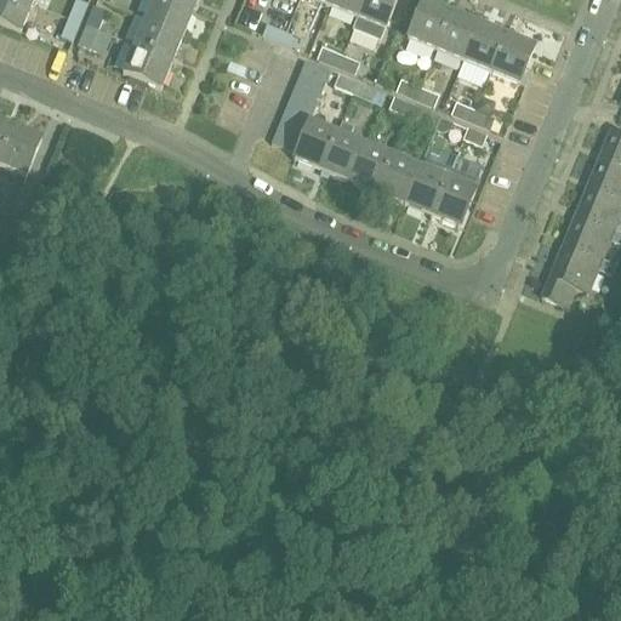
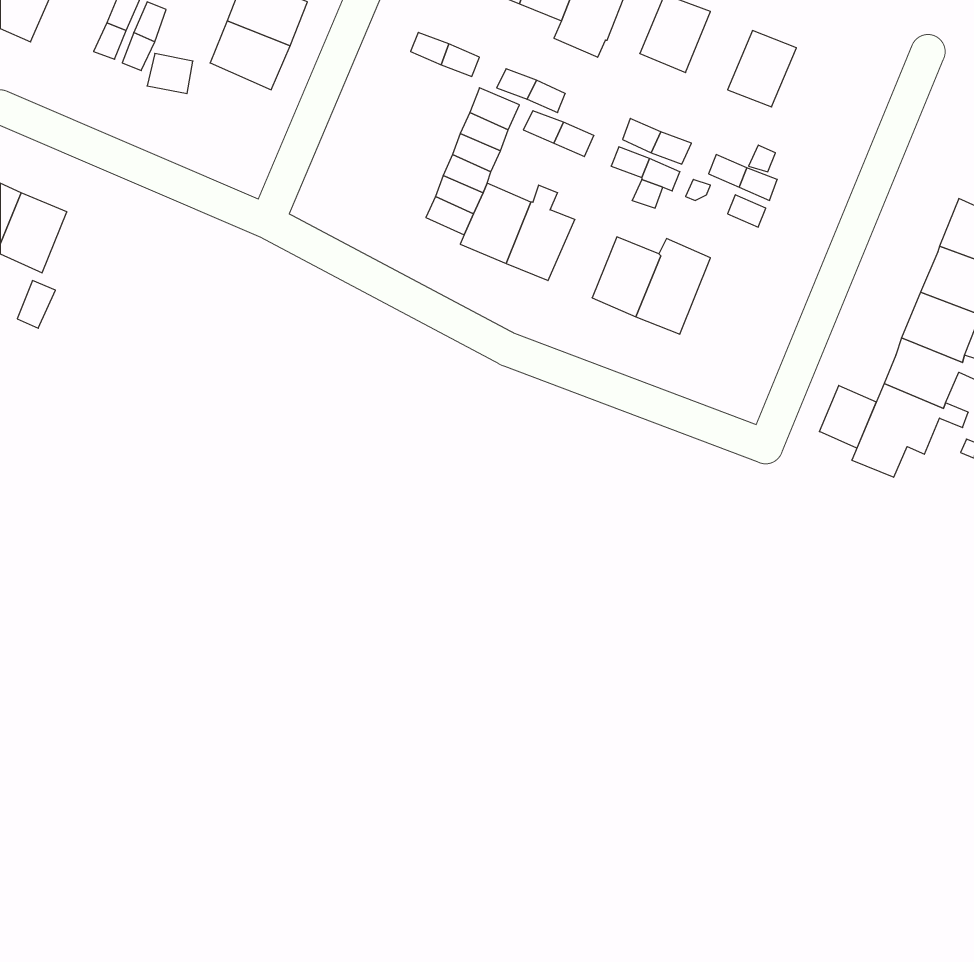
building: [437,7,479,57] -> none
building: [491,30,535,80] -> none
building: [124,40,173,85] -> none
building: [349,139,393,189] -> none
building: [433,164,482,224] -> none
building: none -> [819,385,876,448]

